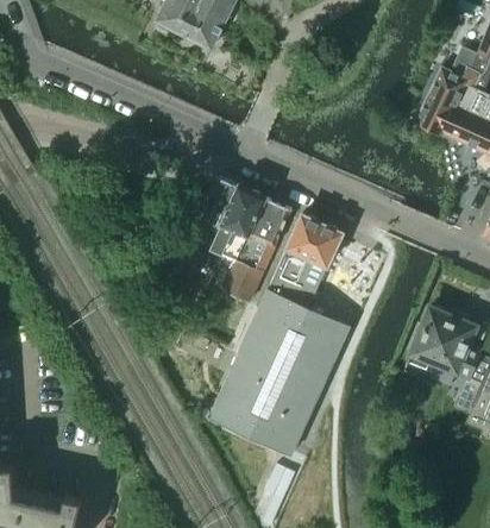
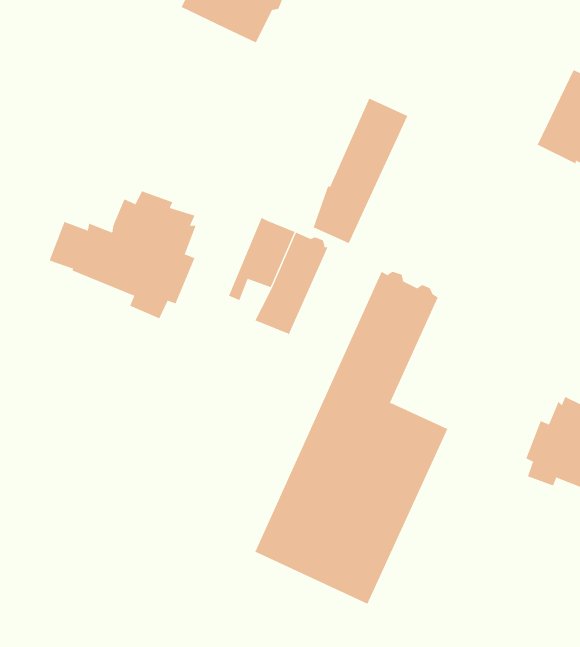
building: none -> [49,190,196,319]
building: [222,196,291,302] -> [313,98,408,244]

